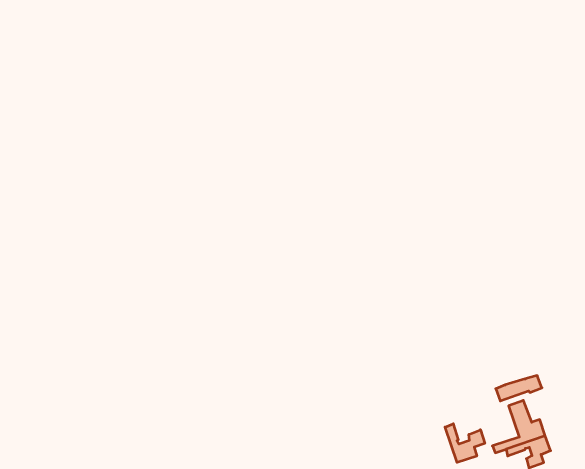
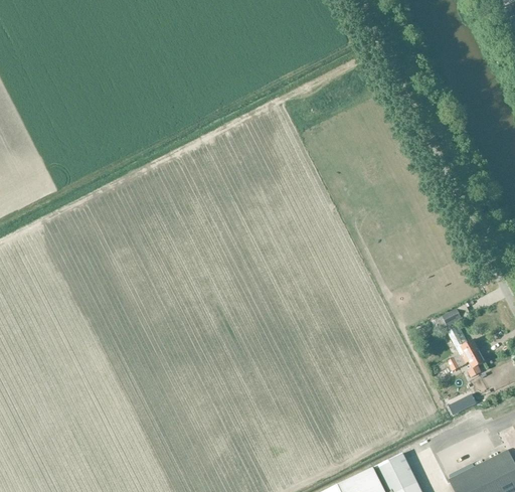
building: [445,424,485,462] -> none

